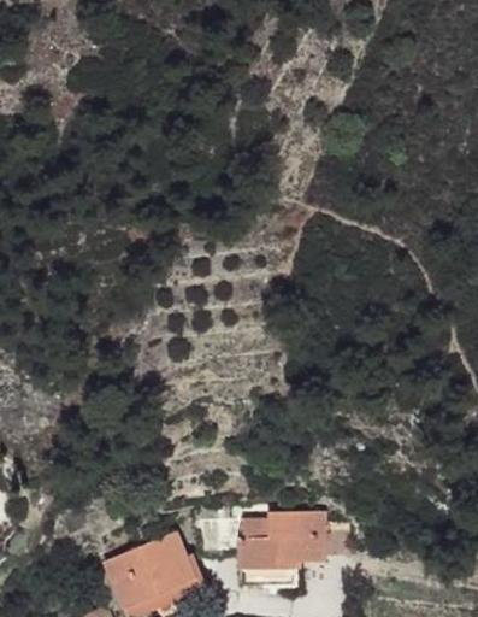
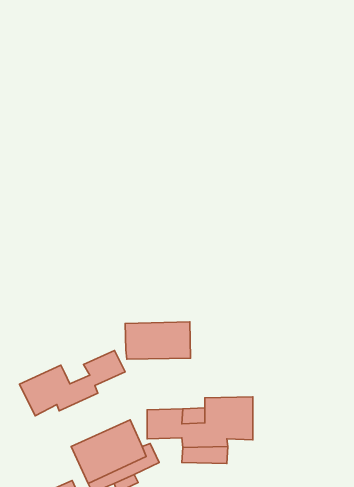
building: none -> [125,322,191,359]
building: none -> [20,350,125,416]

